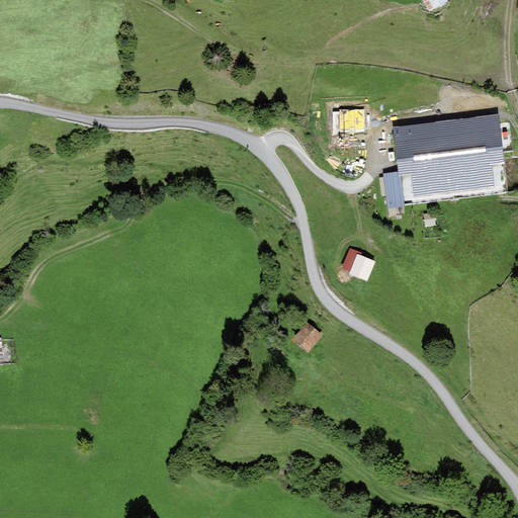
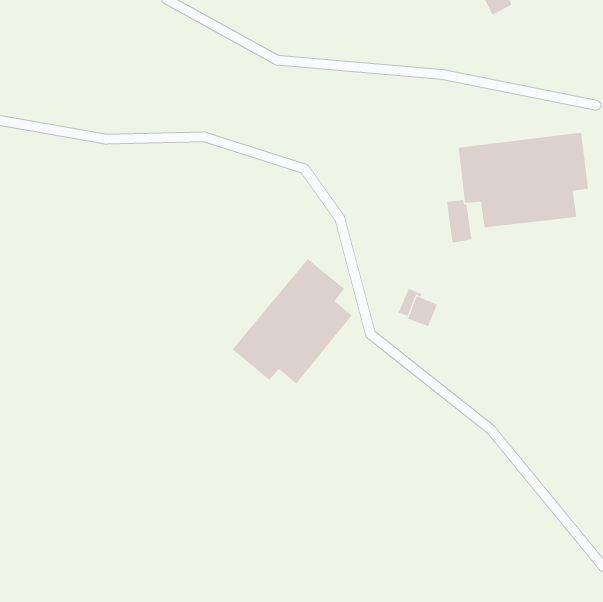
building: none -> [232,258,353,384]
building: [291,322,323,353] -> none

